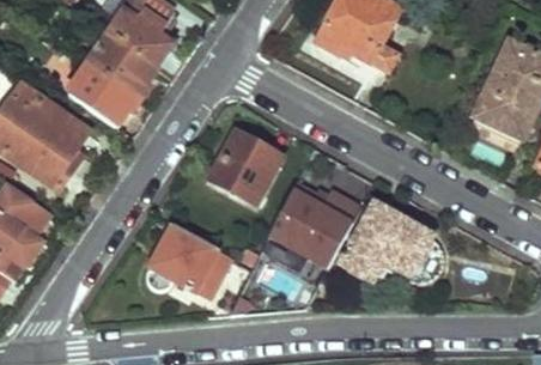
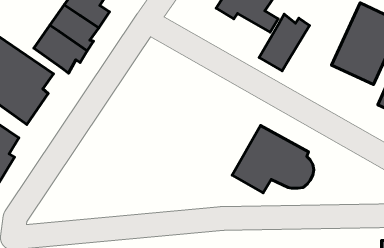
building: none -> [259,14,309,71]
building: [203,124,287,208] -> none
building: [266,180,363,269] -> none
building: [145,224,231,294] -> none

